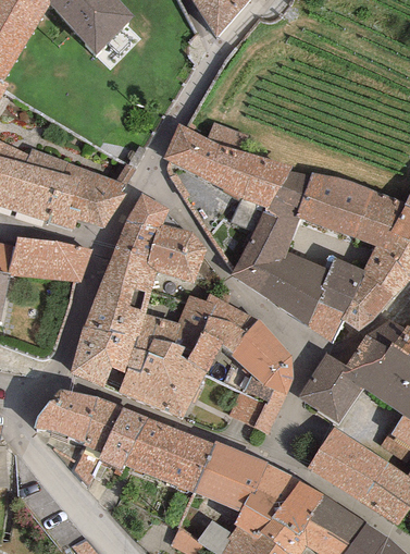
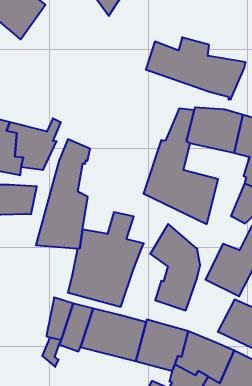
building: [162,122,293,210] -> [146,37,246,100]
building: [147,223,207,283] -> none
building: [307,258,366,343] -> none
building: [201,294,258,353] -> none
building: [70,325,136,387] -> none
building: [34,389,98,442] -> none

